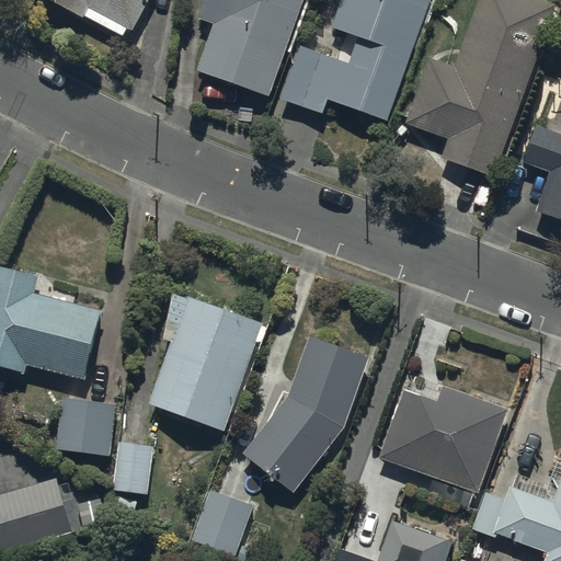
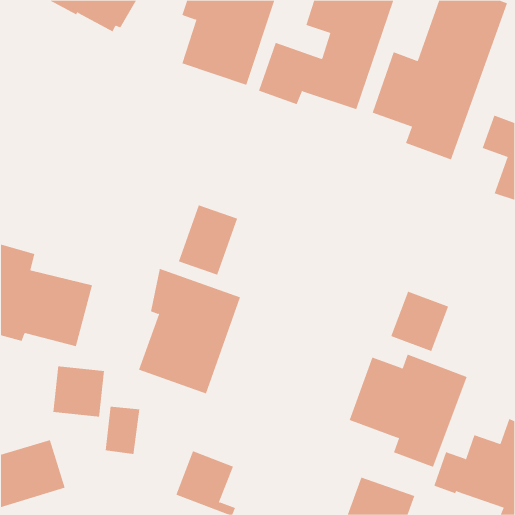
building: none -> [178,204,238,275]
building: none -> [391,291,449,352]
building: [244,334,368,491] -> none

